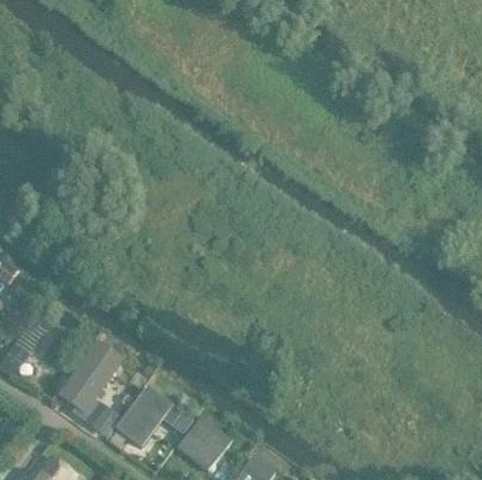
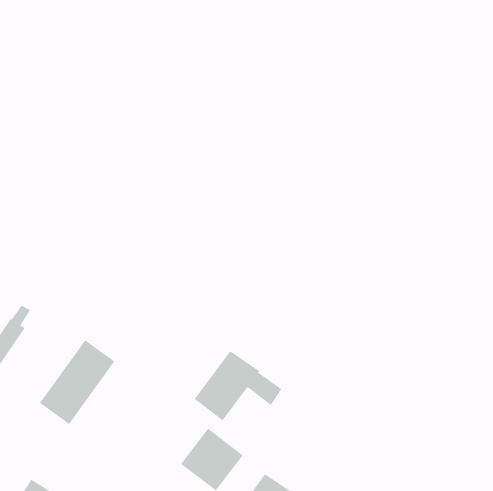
building: [118,385,195,446] -> [194,351,282,421]

